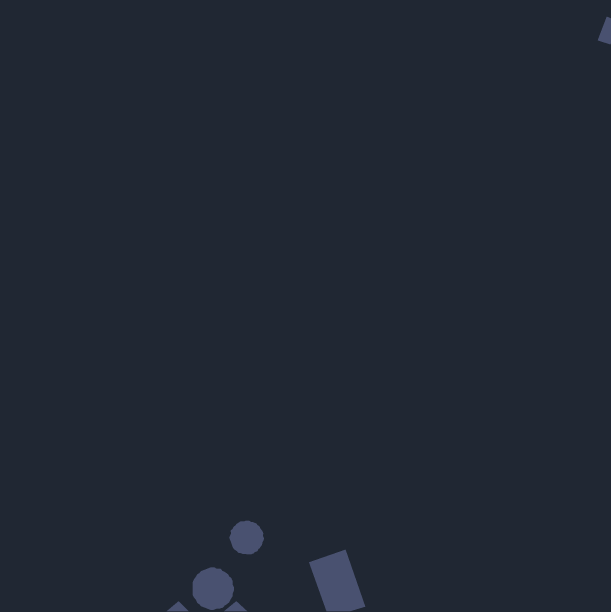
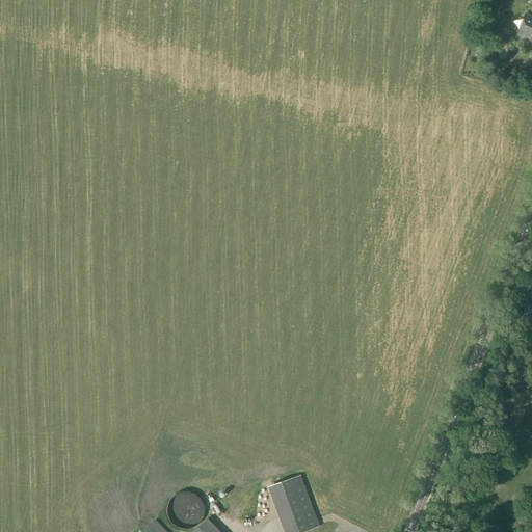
building: [229,520,265,555] -> none

